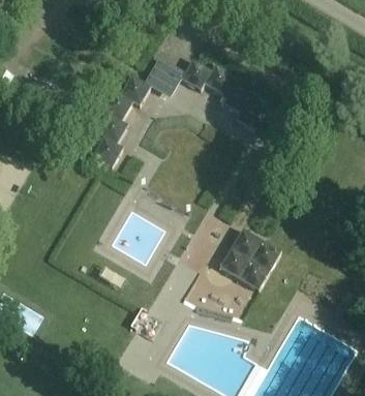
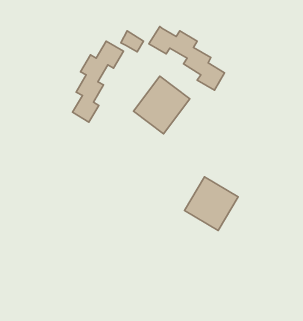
building: none -> [133,76,190,134]

